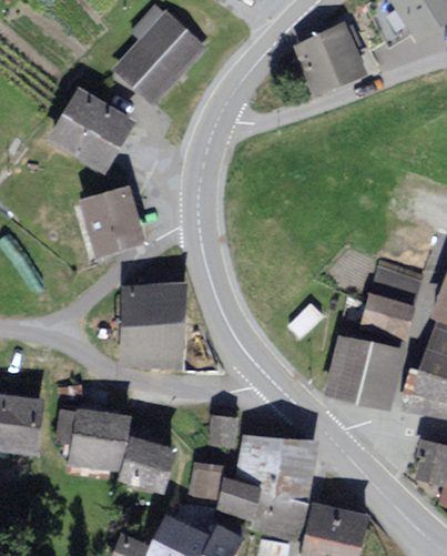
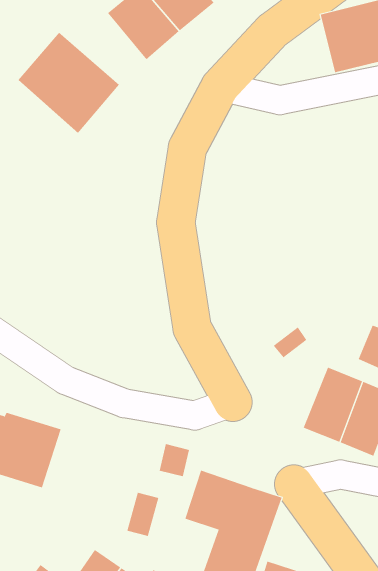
building: [80,186,142,255] -> none
building: [122,287,185,363] -> none
building: [121,437,174,489] -> none
building: [221,478,260,515] -> none

